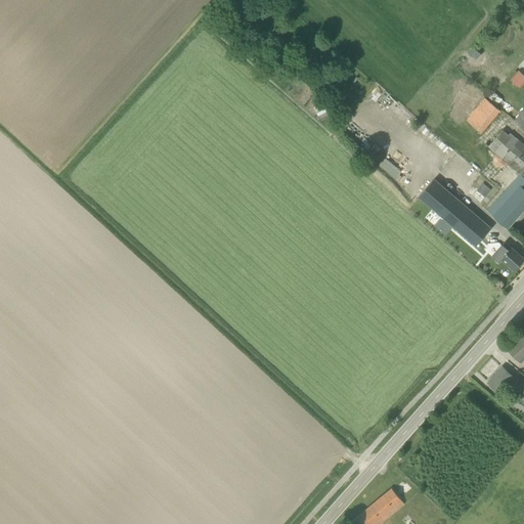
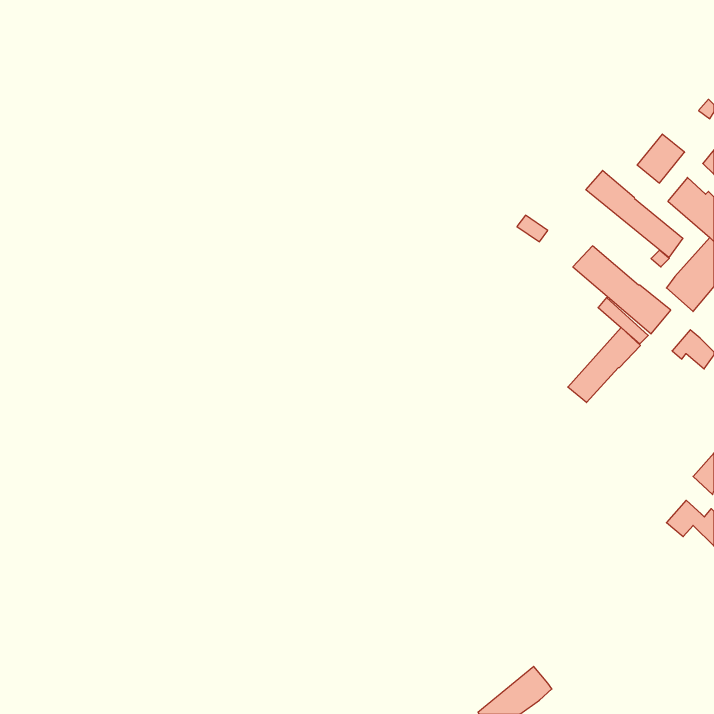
building: none -> [586,170,683,258]
building: none -> [568,328,640,403]

